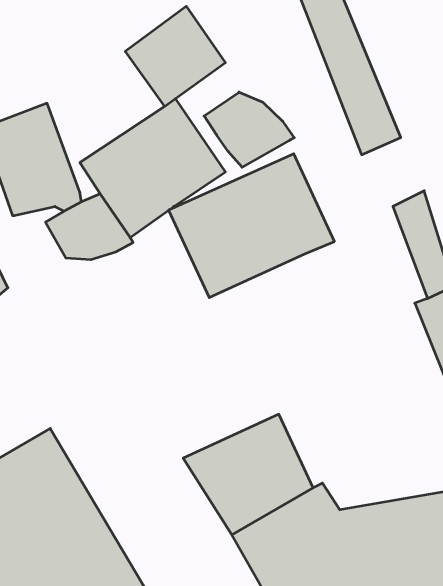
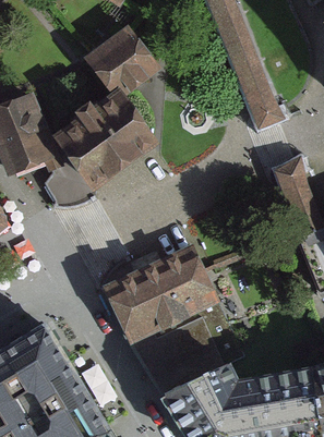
building: [204,92,294,167] -> none
building: [169,154,334,298] -> [104,242,219,342]

